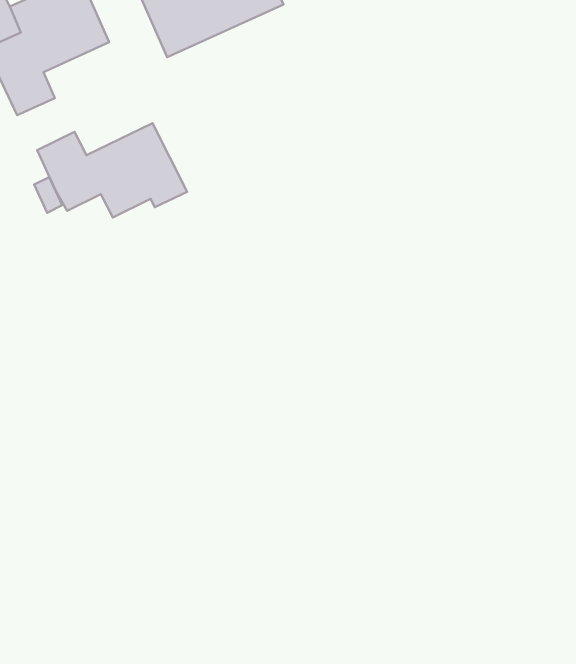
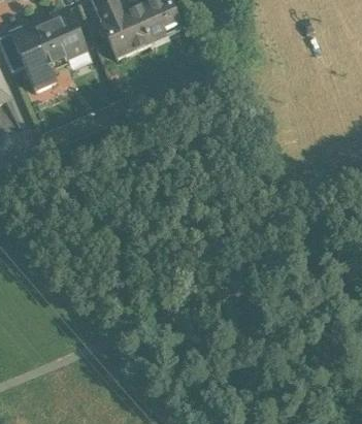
building: [37,123,187,217] -> none

